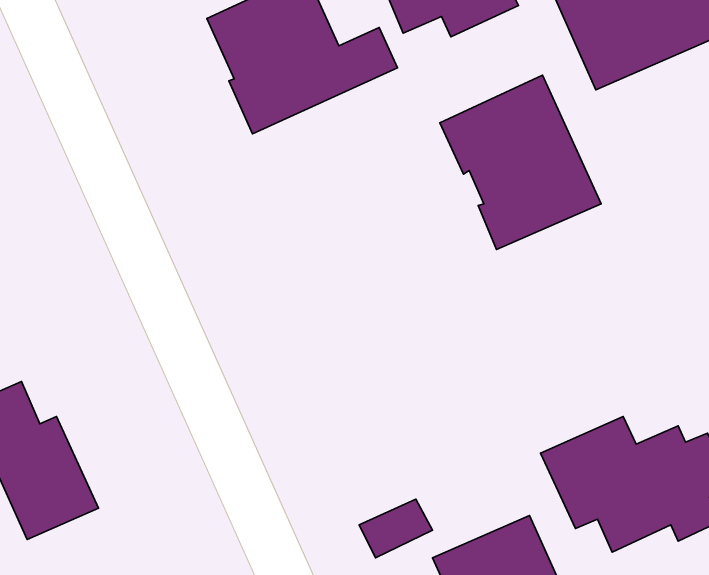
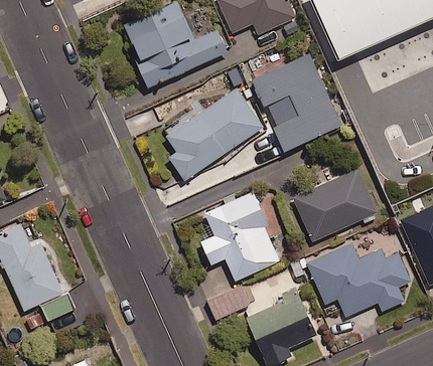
building: none -> [165,87,264,180]
building: none -> [292,168,378,241]
building: none -> [201,191,280,280]

